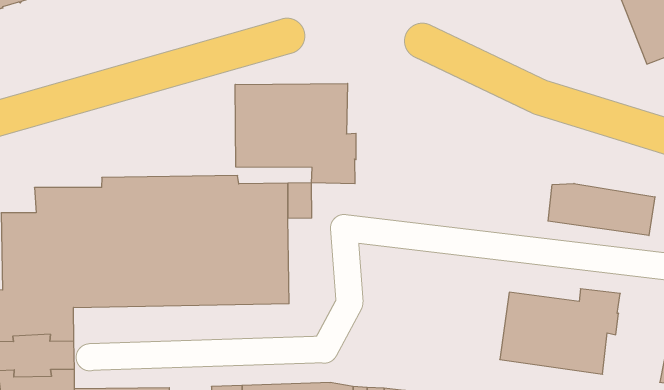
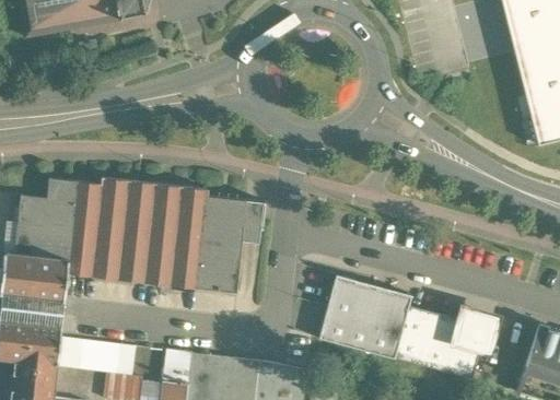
building: [235,83,356,184] -> none
building: [548,183,655,236] -> none
building: none -> [319,274,411,358]

